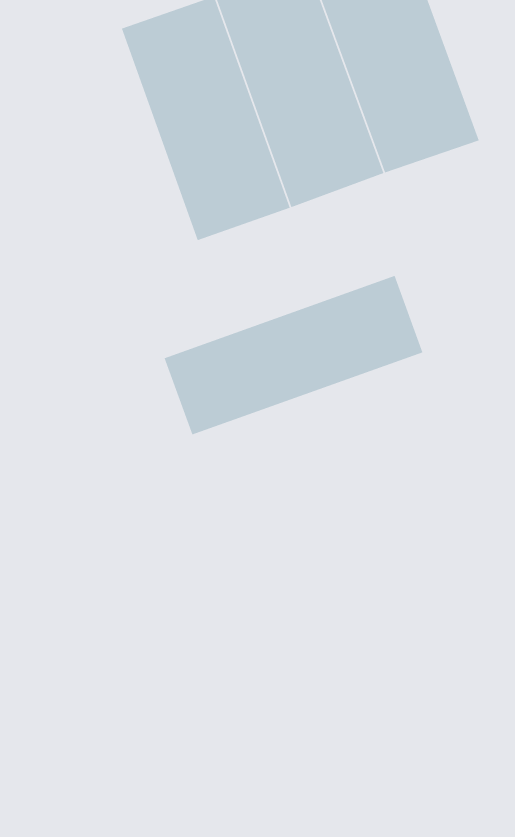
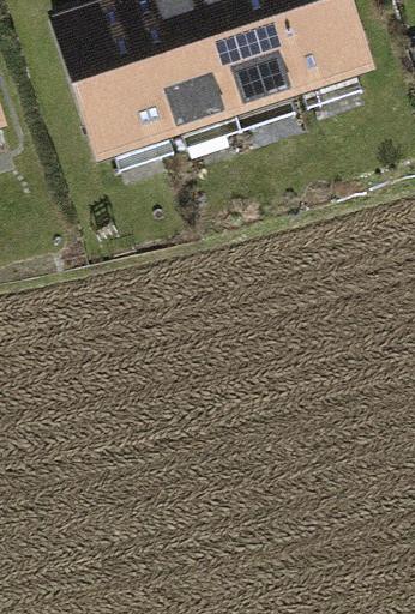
building: none -> [58,24,175,195]
building: [163,275,424,436] -> none

